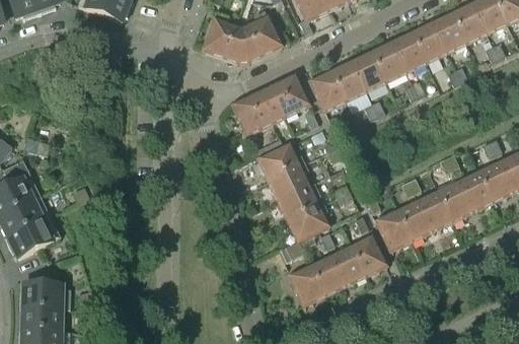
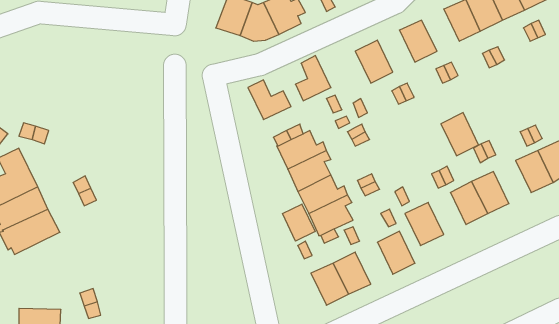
building: [391,32,426,71] -> none
building: [351,52,385,90] -> none
building: [310,71,345,111] -> none
building: [246,82,287,122] -> none
building: [457,171,492,211] -> [441,113,479,156]
building: [397,201,432,239] -> none
building: none -> [282,204,315,241]
building: [330,247,365,285] -> none
building: [19,283,62,308] -> none

